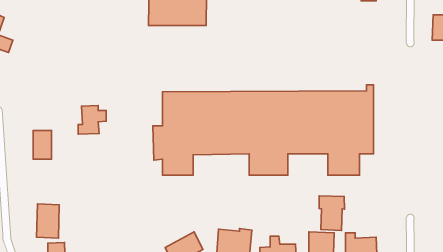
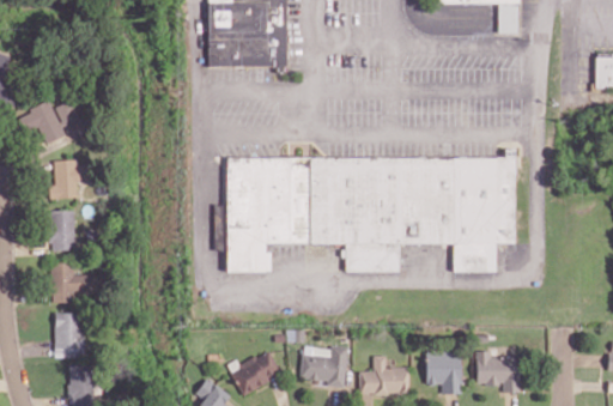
building: none -> [18,101,79,144]
building: [78,105,106,134] -> [49,159,87,199]
building: none -> [50,262,97,299]
building: [319,196,344,230] -> none

